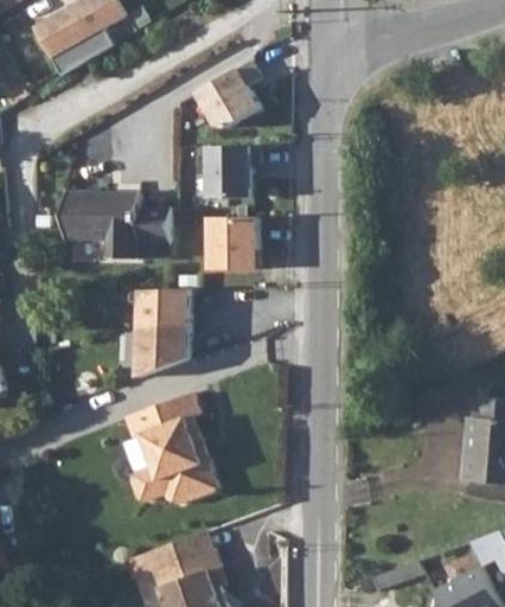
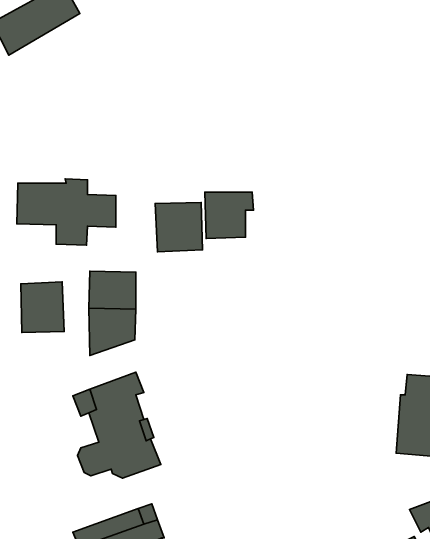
building: [193,57,261,127] -> none
building: [206,147,257,196] -> [205,192,253,238]
building: none -> [21,282,64,332]

